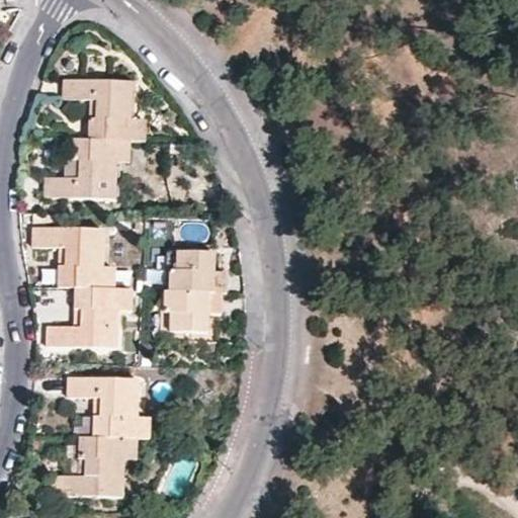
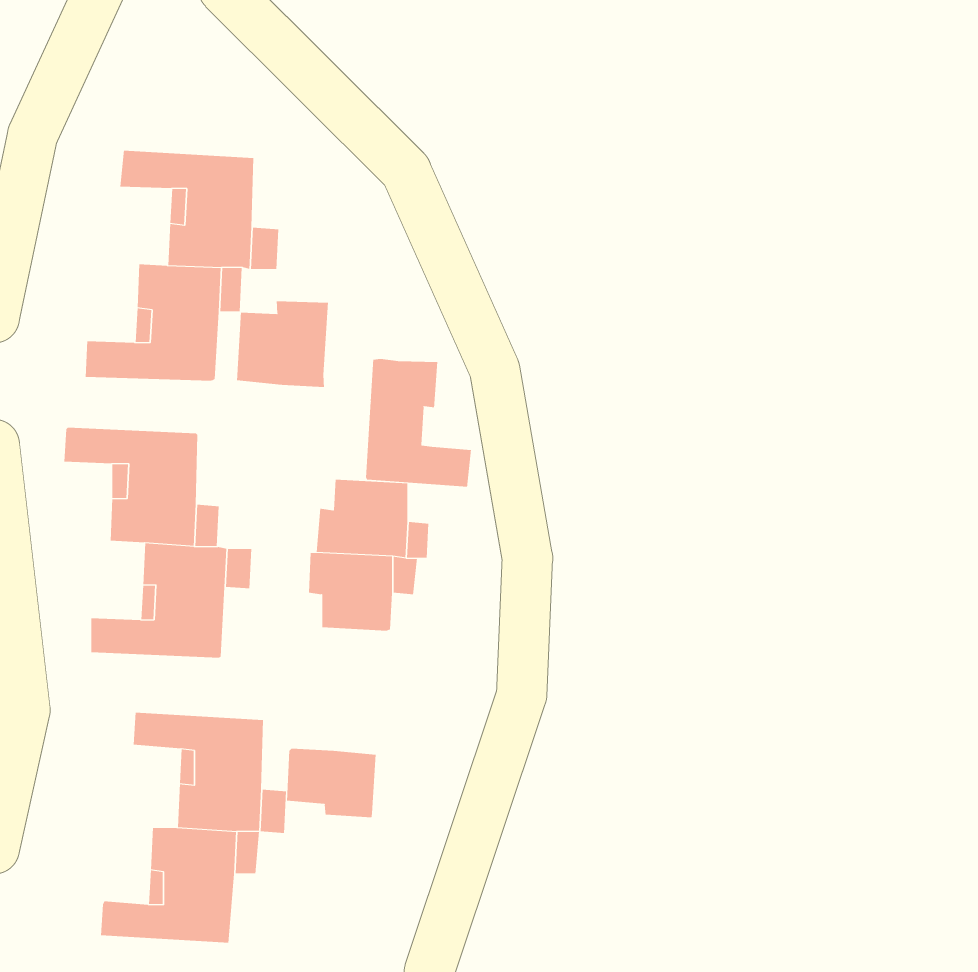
building: none -> [236,301,329,388]
building: none -> [366,358,471,487]
building: none -> [286,748,376,818]

